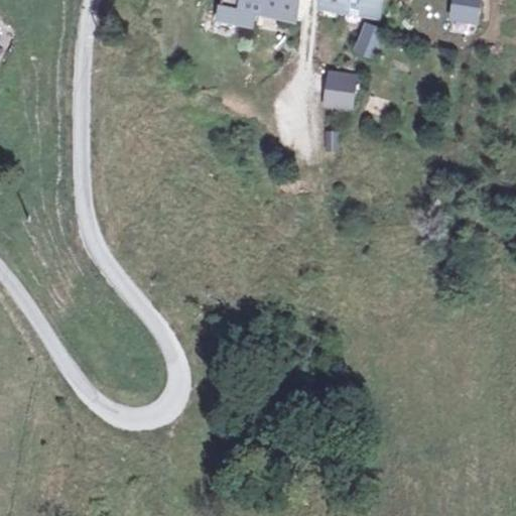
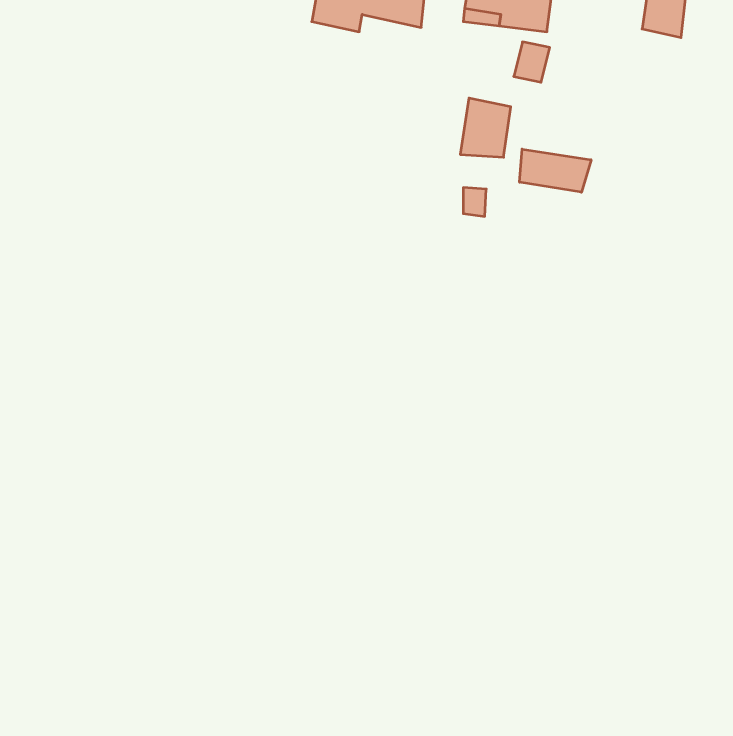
building: none -> [520,149,591,192]

